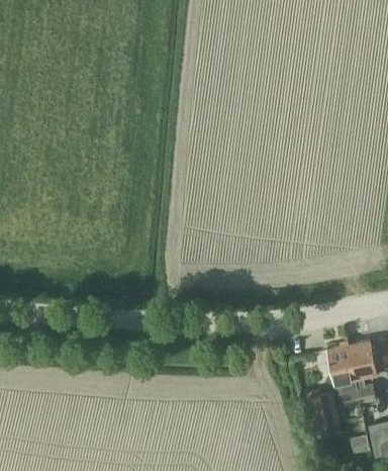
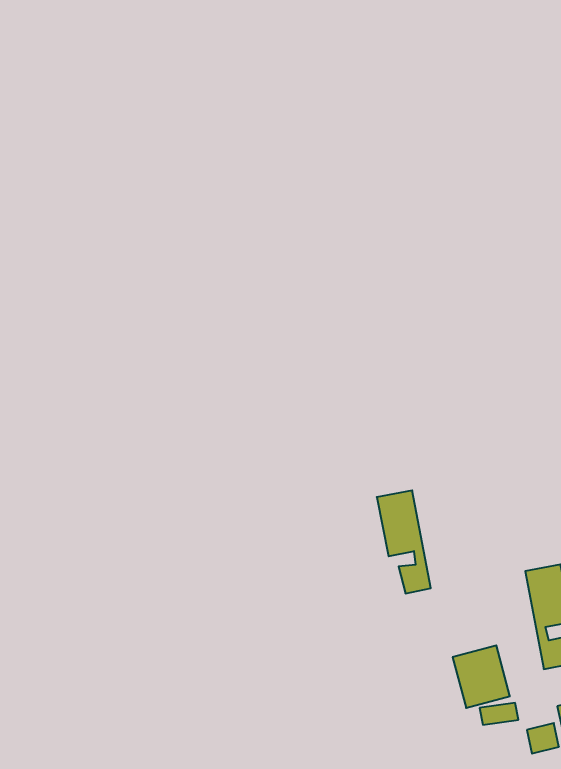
building: [327,345,360,406] -> [377,490,431,593]

